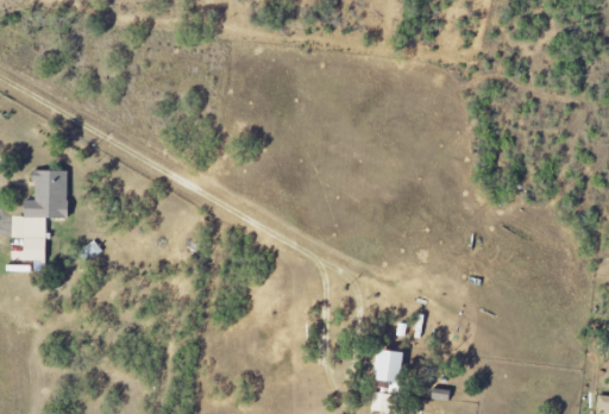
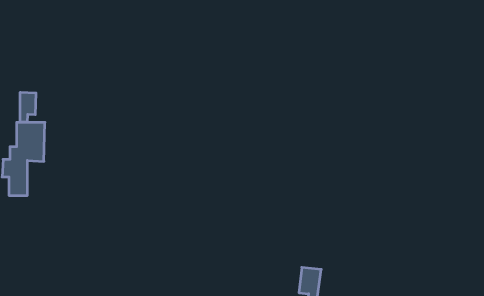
building: none -> [20,92,36,122]

